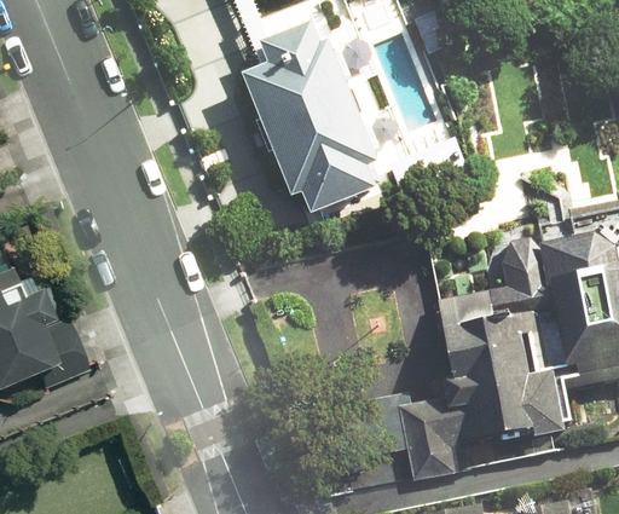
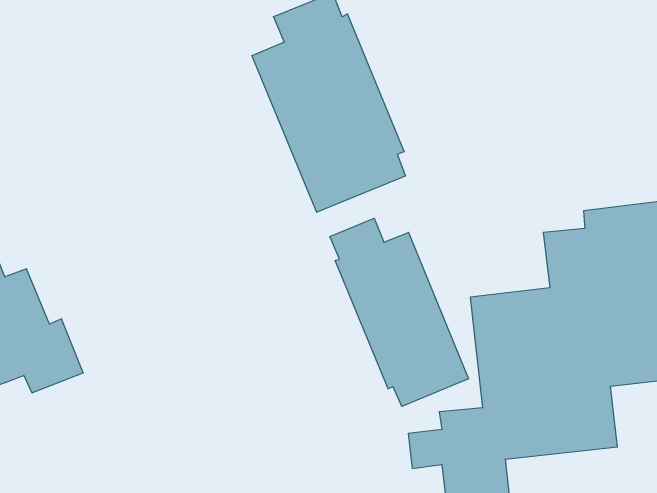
building: none -> [330,218,468,406]

